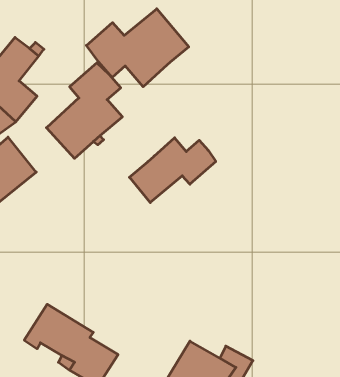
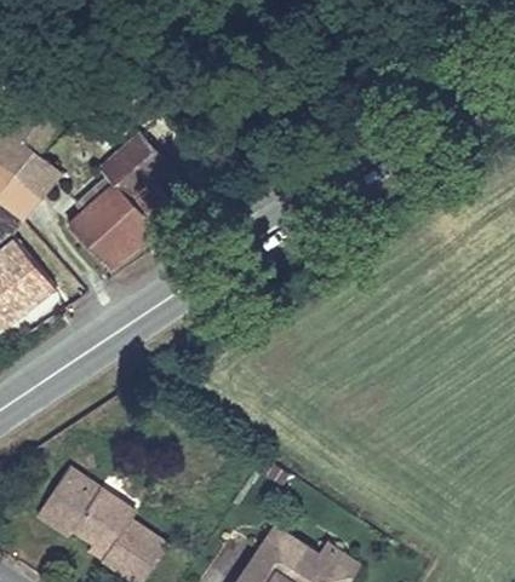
building: [86,9,189,87] -> none
building: [129,138,216,203] -> none

